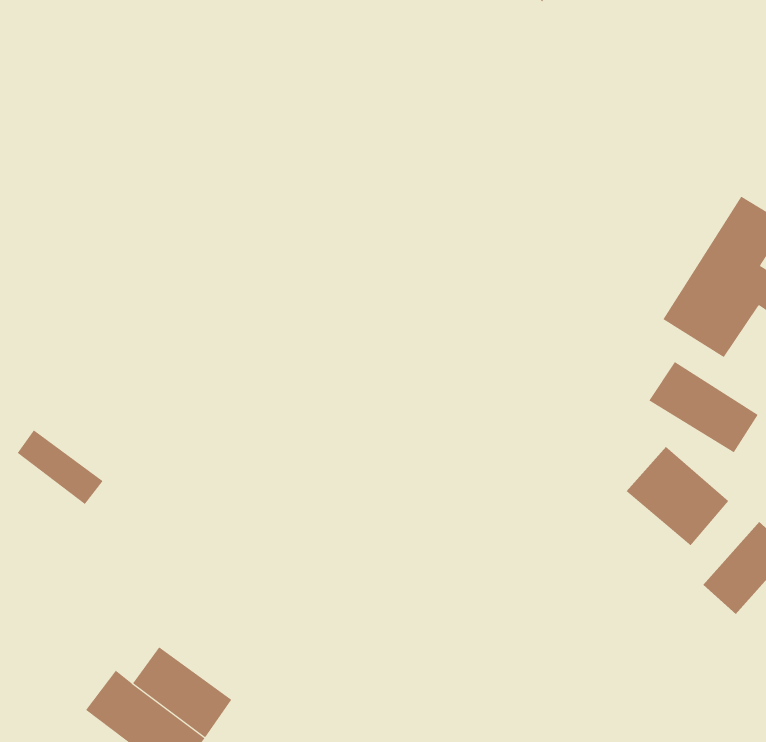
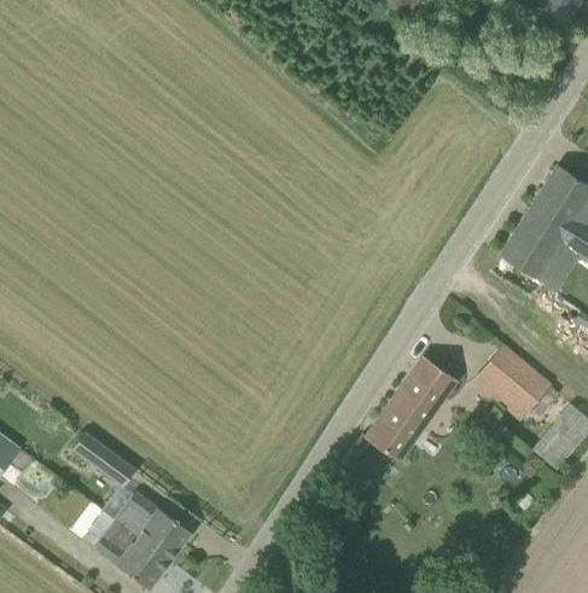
building: [648,361,758,453] -> none
building: [17,430,104,505] -> [74,432,136,487]
building: none -> [368,357,454,458]

